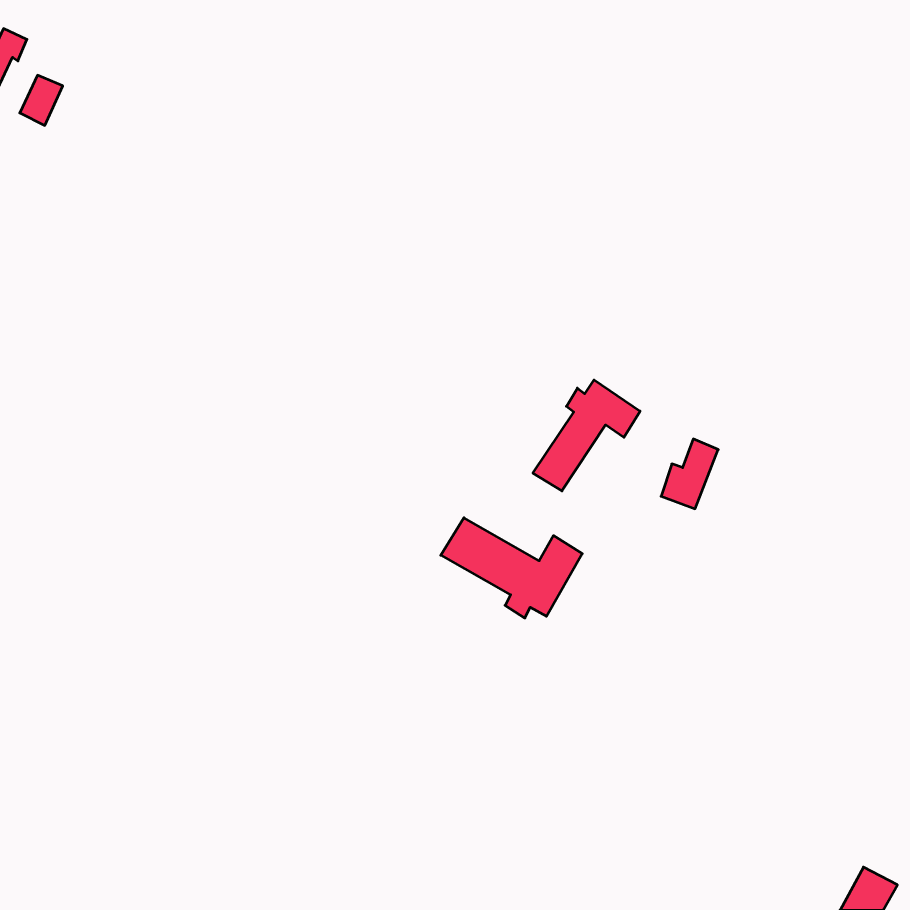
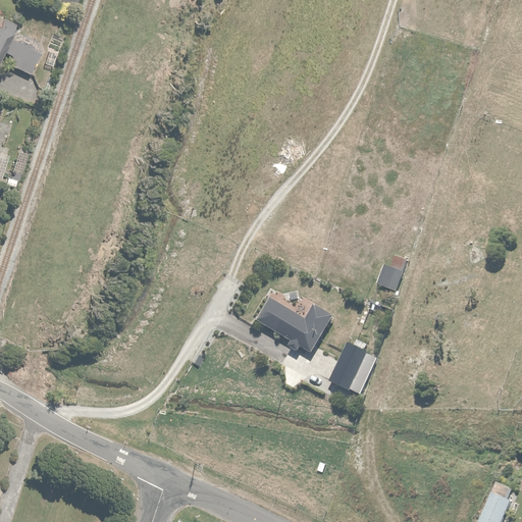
building: [533,380,640,491] -> none
building: none -> [328,343,377,392]

